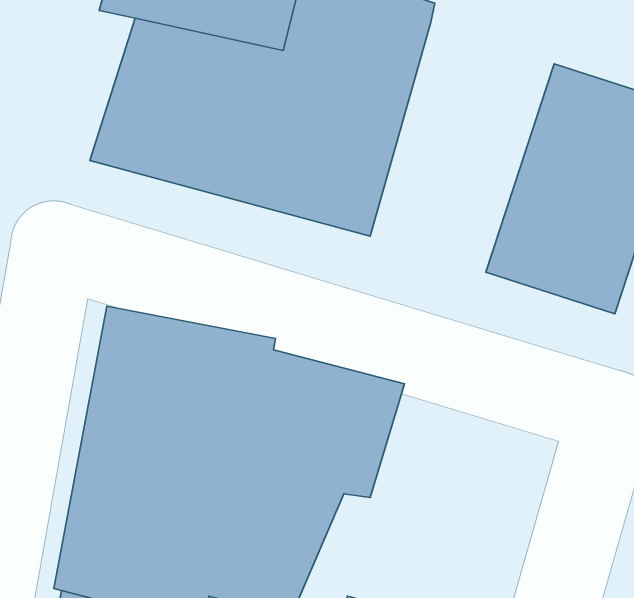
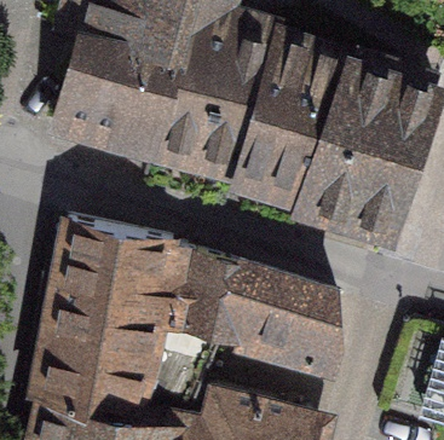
building: none -> [238,33,356,192]
building: none -> [237,264,345,372]

